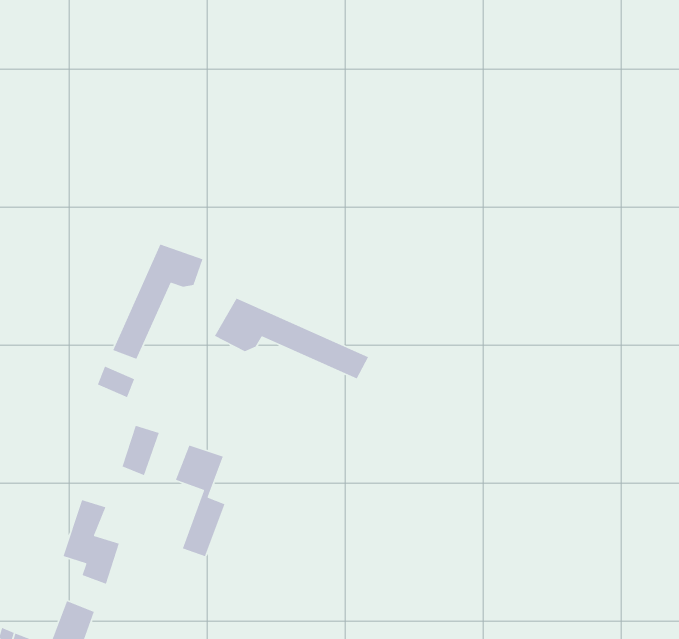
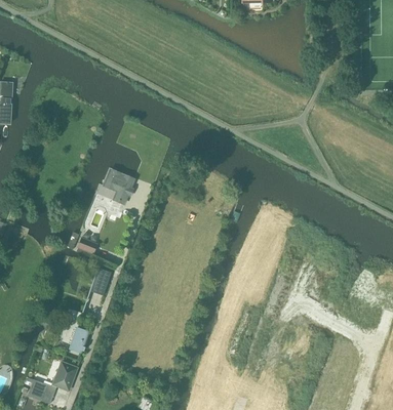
building: [214,298,369,379] -> none
building: [175,445,225,557] -> none

